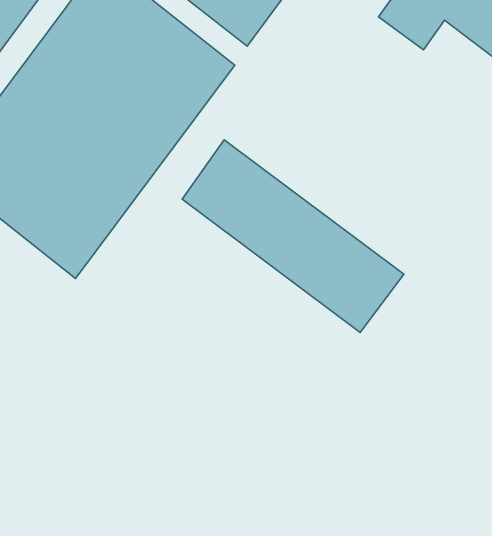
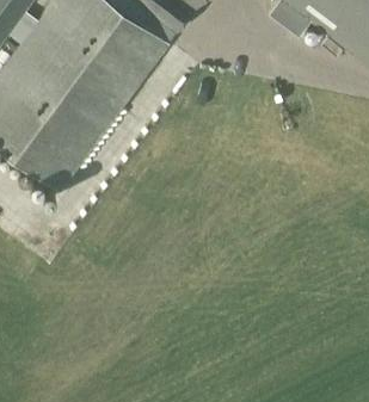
building: [182,140,404,333] -> none

